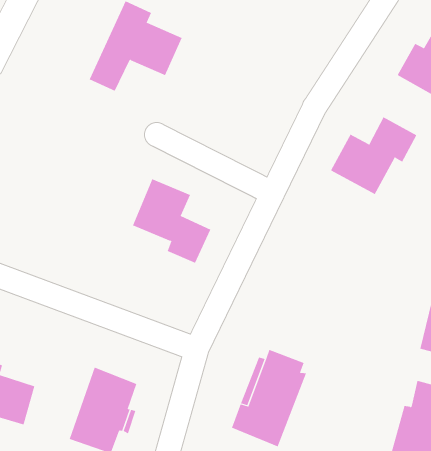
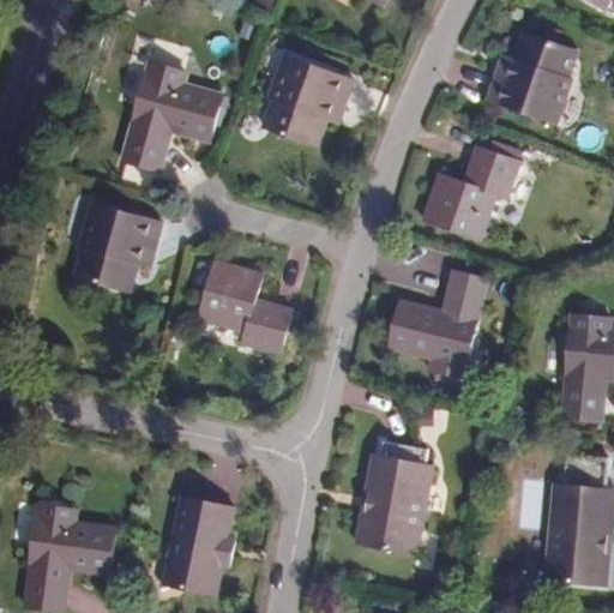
building: none -> [263,50,356,145]
building: none -> [74,200,163,288]
building: none -> [389,270,489,379]

